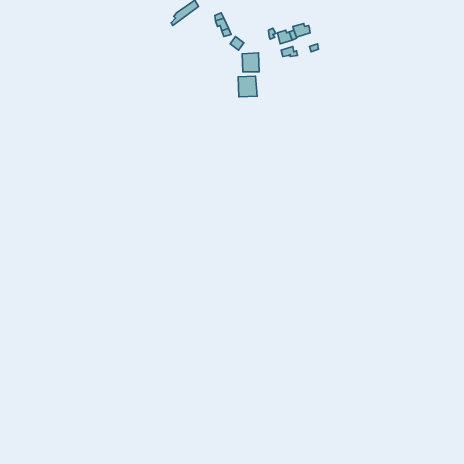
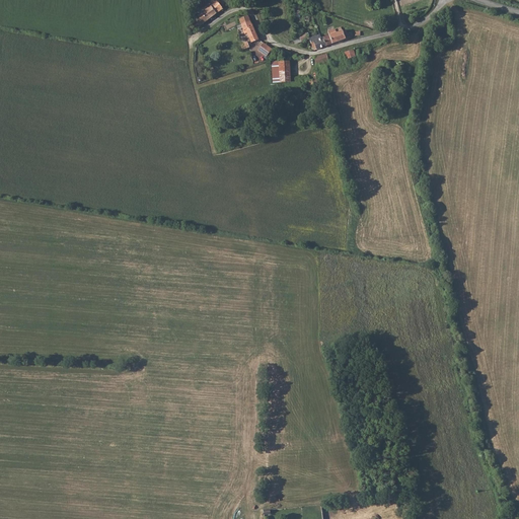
building: [238,76,257,97] -> none

